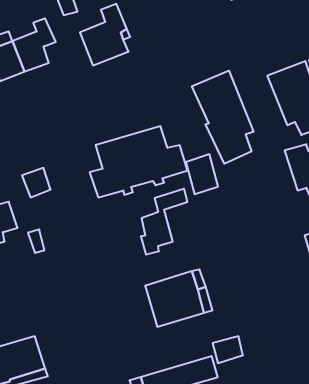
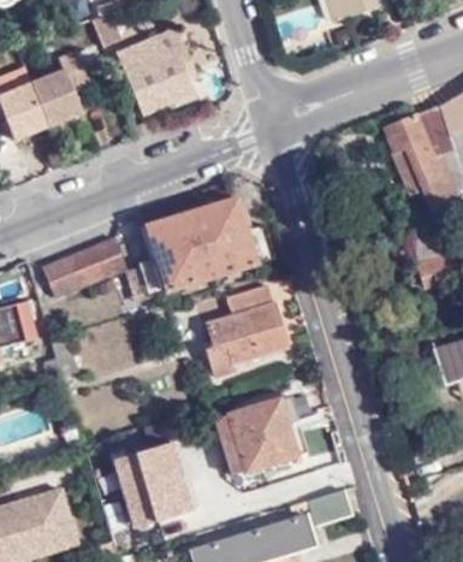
building: [192,71,253,164] -> none
building: [186,154,218,194] -> [241,302,285,357]
building: none -> [73,239,124,285]
building: none -> [111,439,200,531]

